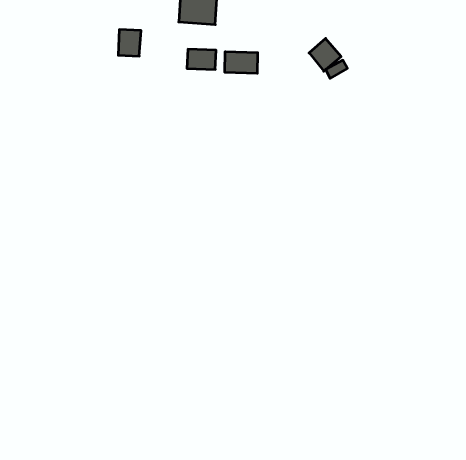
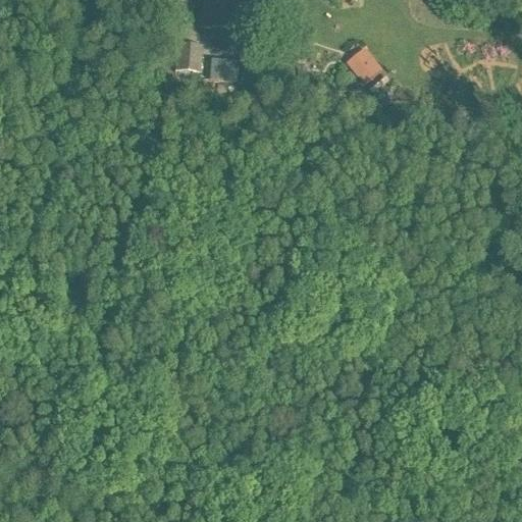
building: [118,30,141,56] -> [174,40,200,69]
building: [225,52,258,73] -> none

